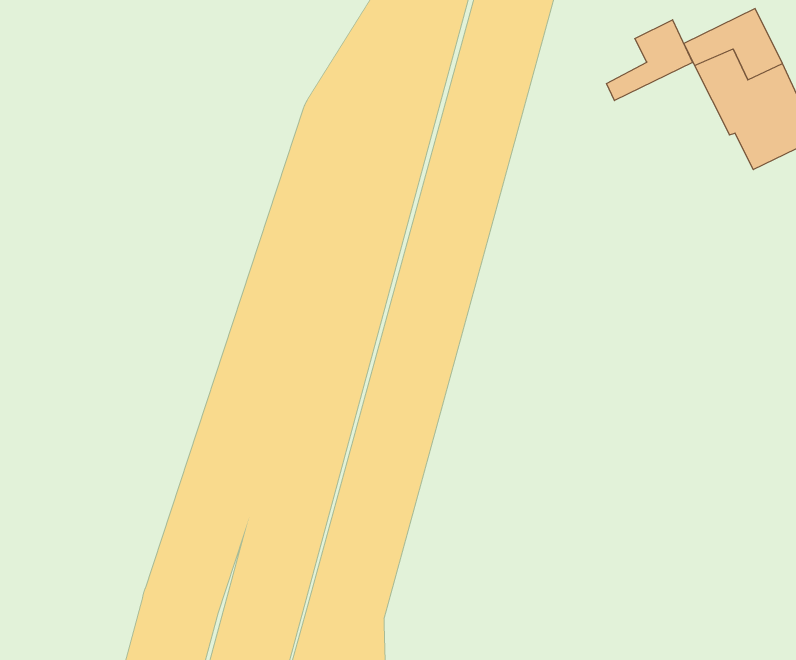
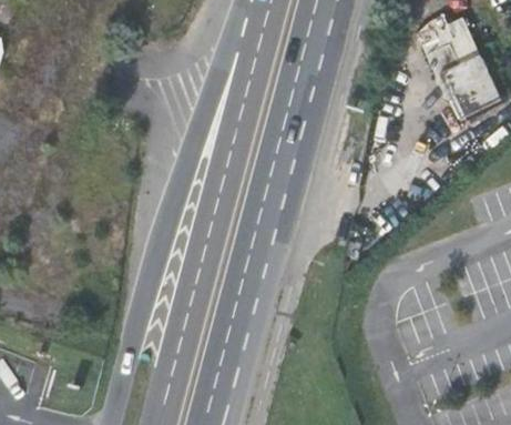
building: [606,20,693,101] -> none

